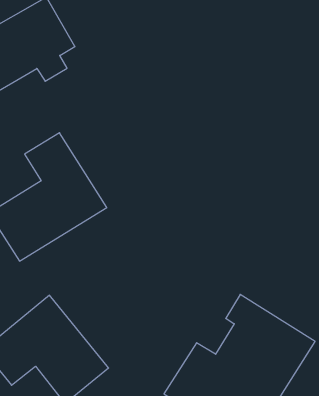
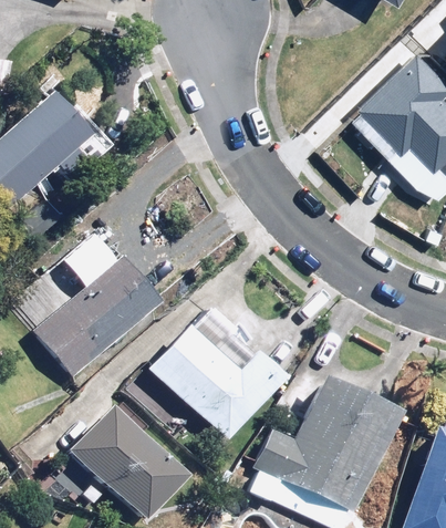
building: none -> [149,323,287,441]

